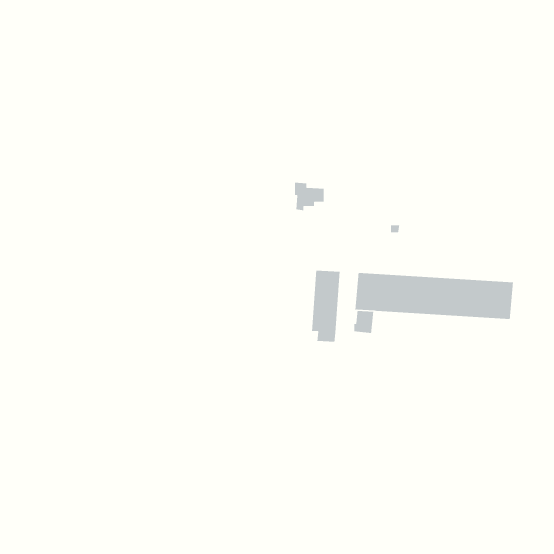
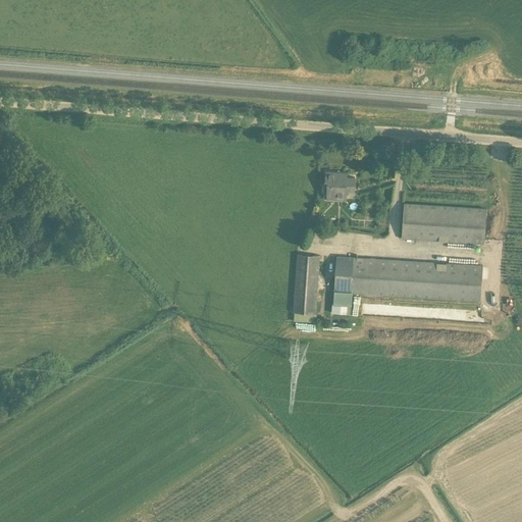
building: [294,182,325,211] -> [326,171,355,199]
building: none -> [401,203,486,244]

